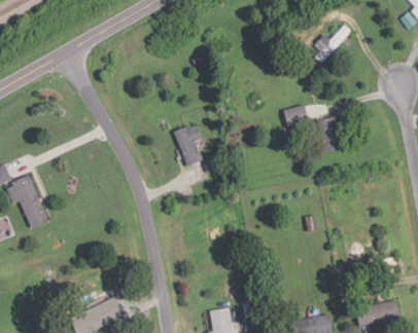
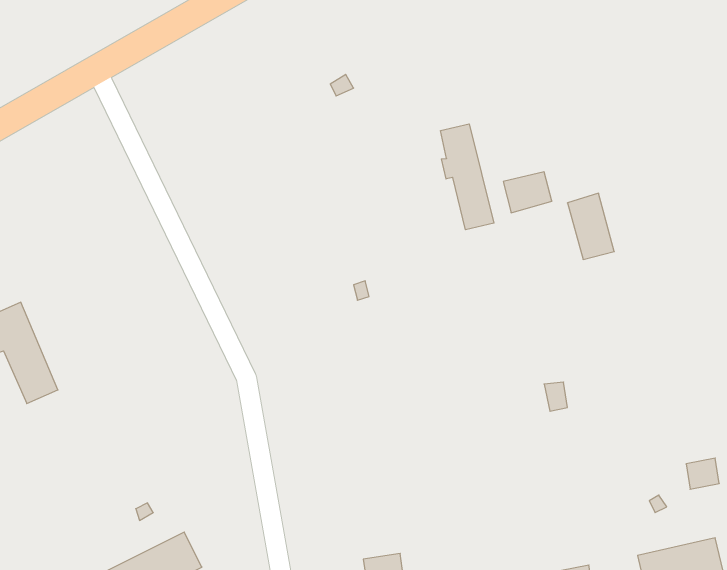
building: [314,26,350,64] -> none
building: none -> [441,124,494,230]
building: [173,126,202,166] -> none

